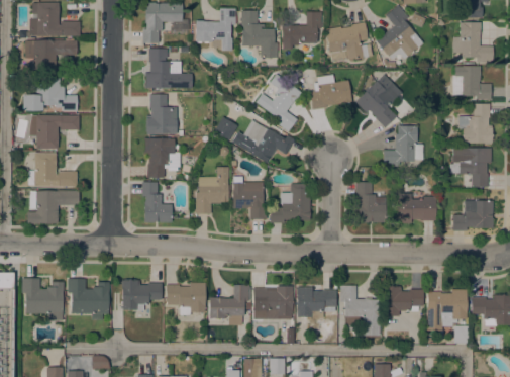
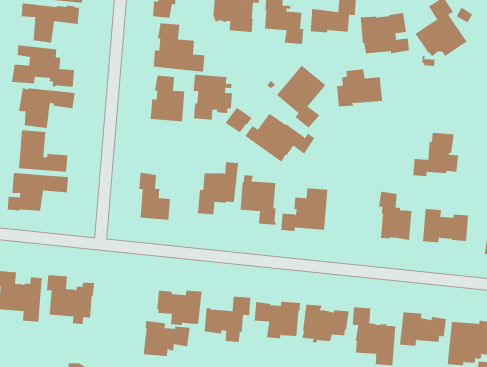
building: [355,74,403,127] -> none
building: [145,137,181,177] -> [193,74,233,120]
building: [122,279,163,309] -> [143,321,191,357]

